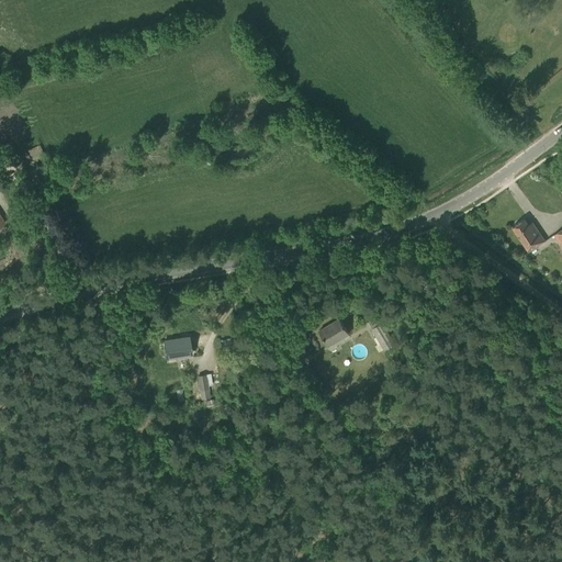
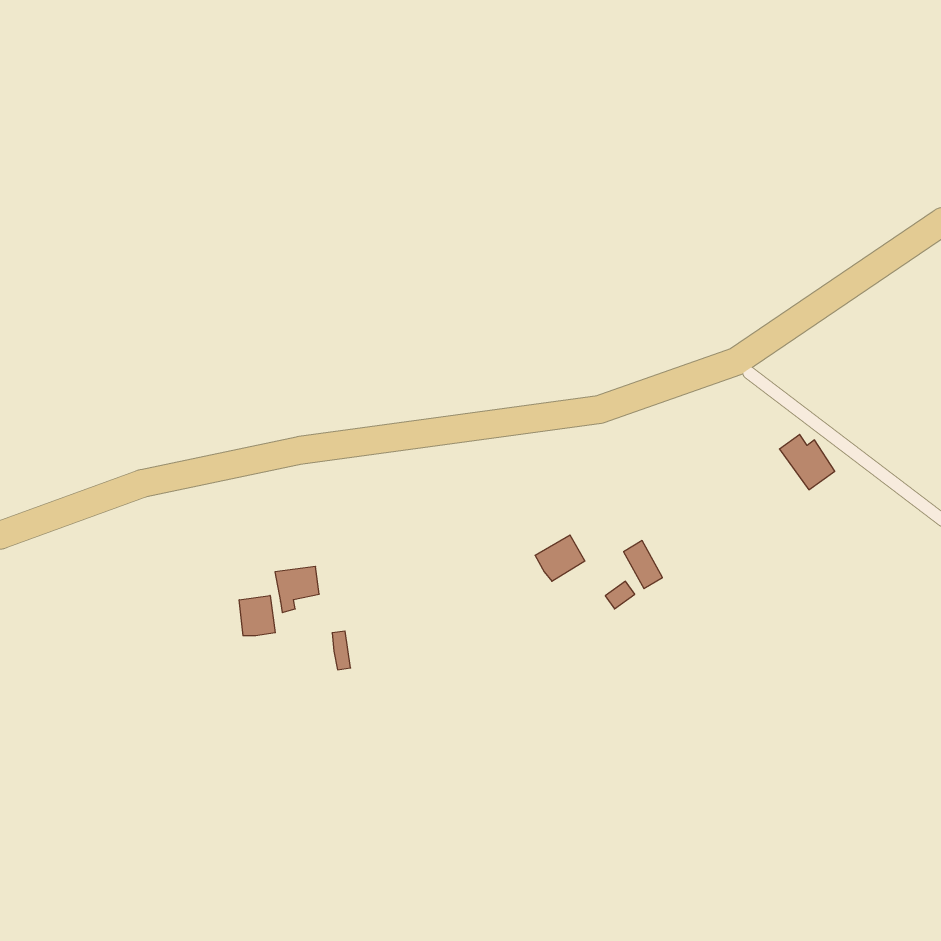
building: [513,220,546,252] -> [779,434,835,490]
building: none -> [239,595,275,636]

